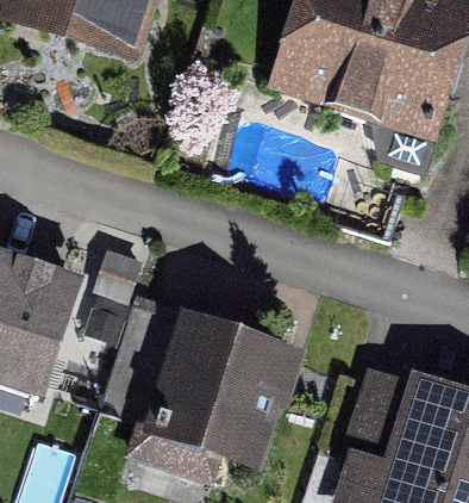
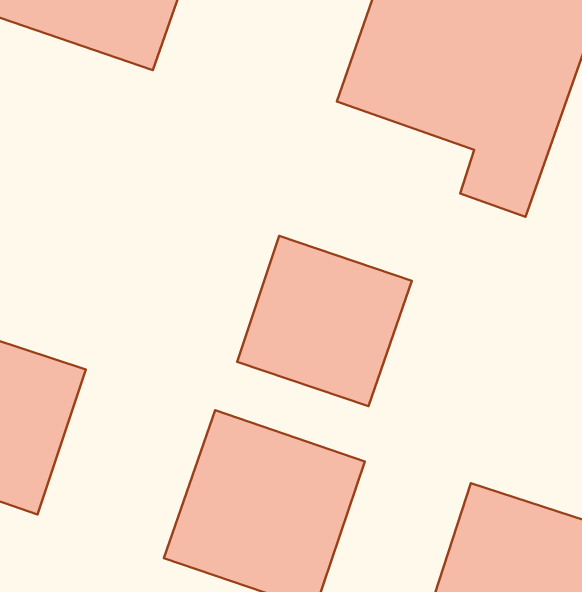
building: none -> [237,236,412,406]

